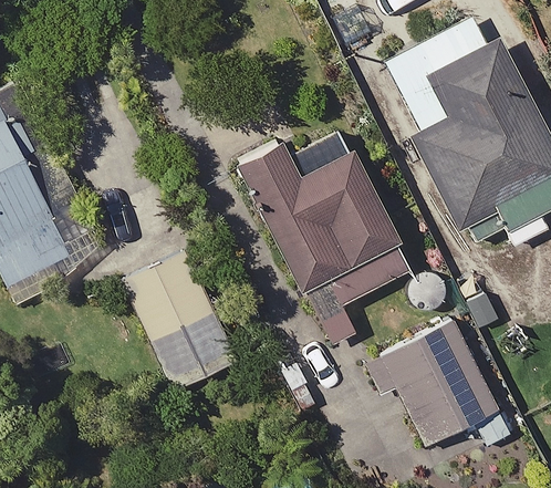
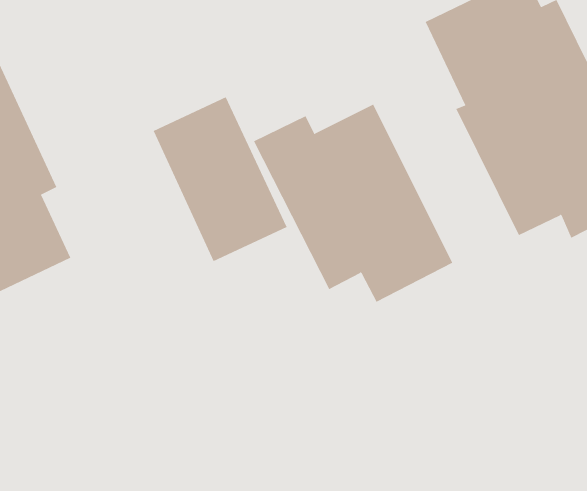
building: [121,248,237,391] -> [153,96,288,262]
building: [367,323,512,447] -> none

